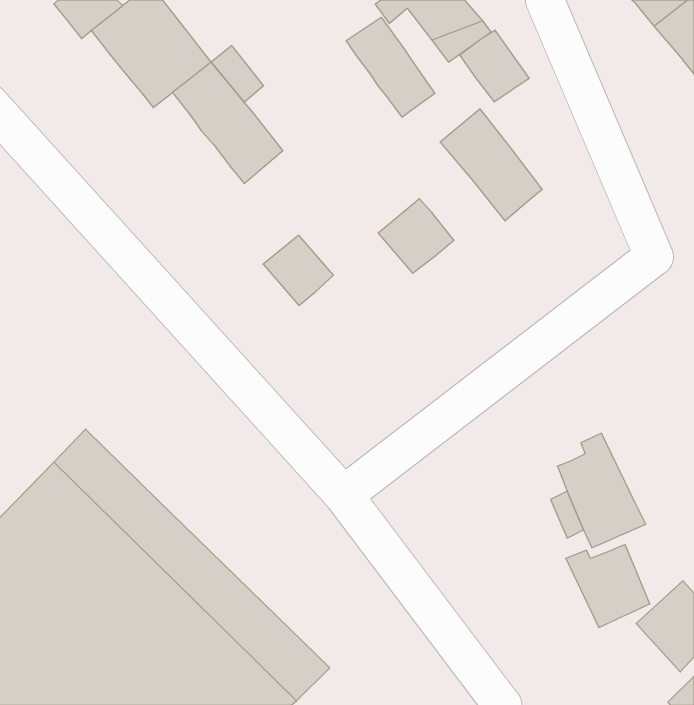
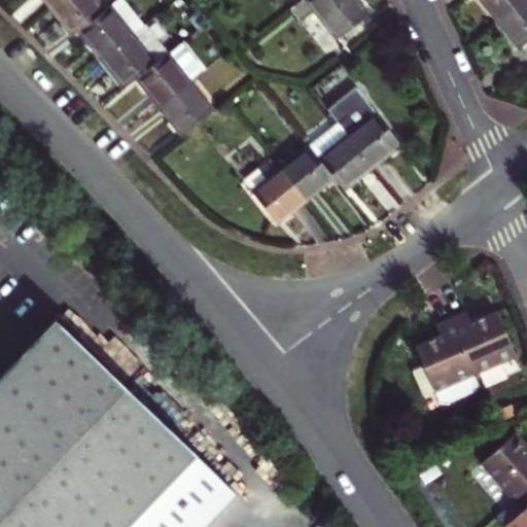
building: [346,17,435,117] -> none
building: [460,30,529,102] -> none
building: none -> [313,124,377,188]
building: [263,235,333,306] -> [255,174,308,226]
building: [566,545,650,627] -> [449,313,512,375]

